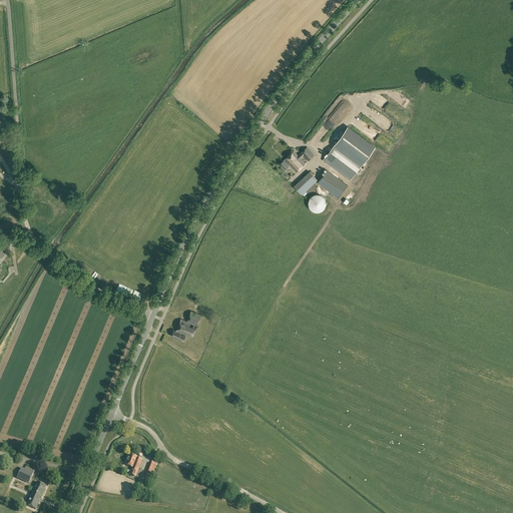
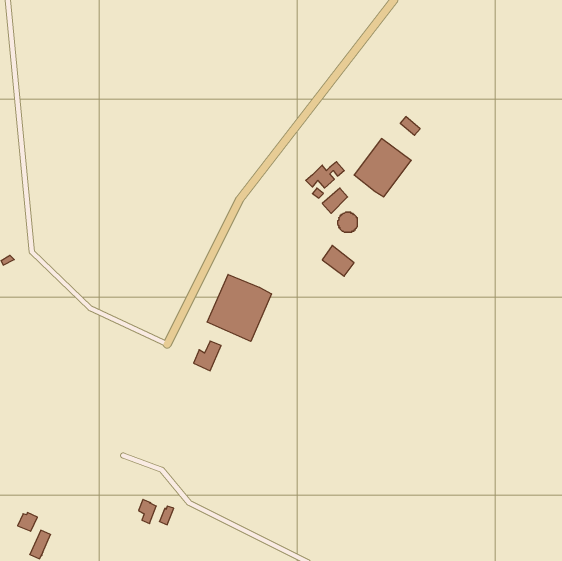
building: [318,170,347,198] -> [322,245,354,276]
building: none -> [207,274,271,341]

